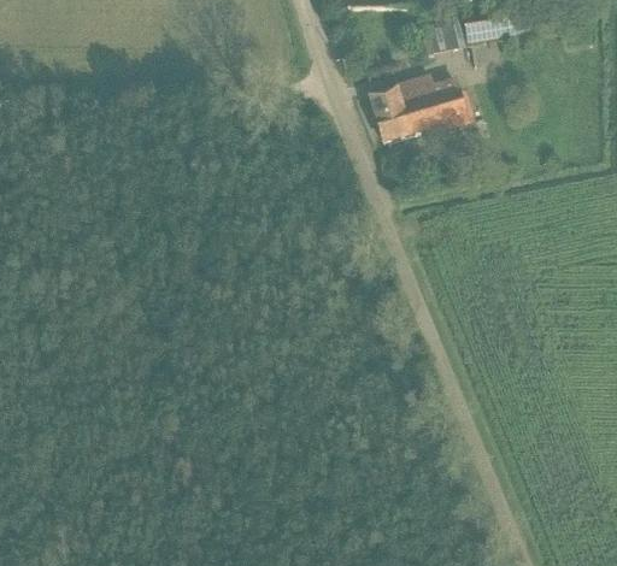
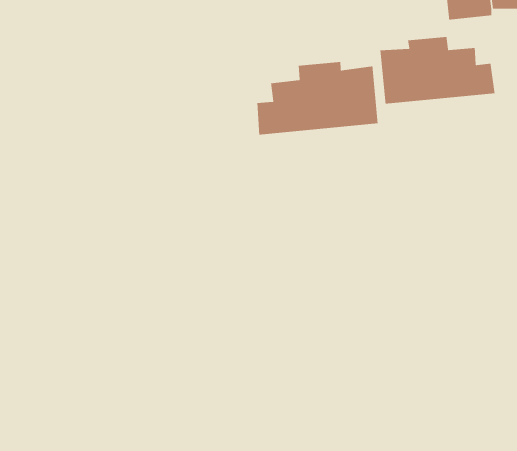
building: none -> [256,61,379,136]

